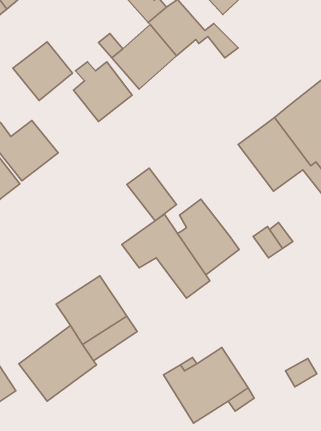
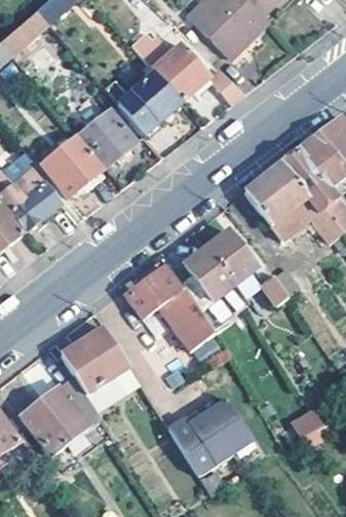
building: [13,42,72,100] -> [41,137,102,196]
building: [127,168,176,221] -> [205,231,256,285]

